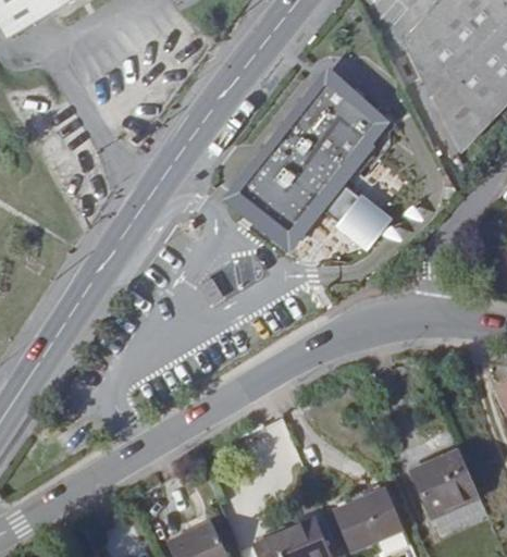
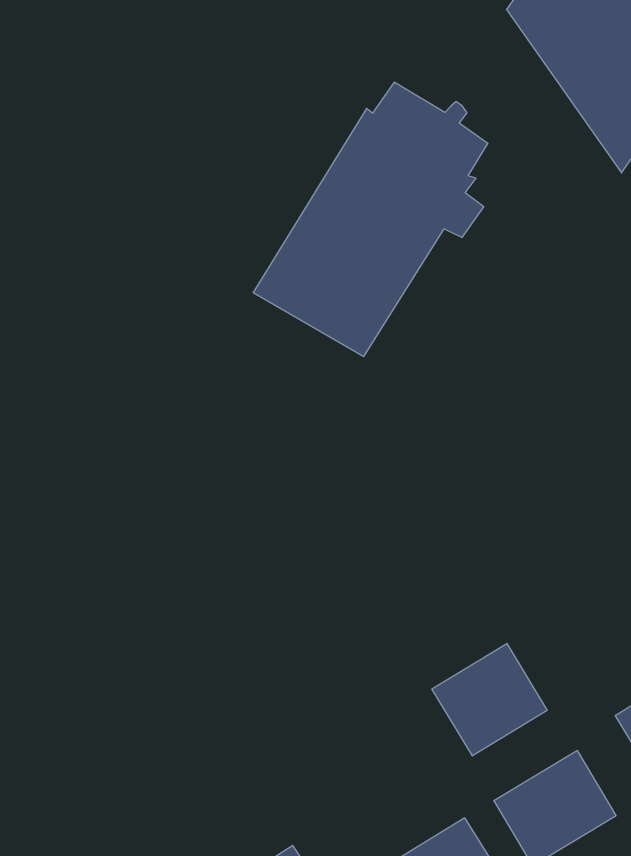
building: [337,201,388,245] -> none
building: none -> [432,643,547,756]

